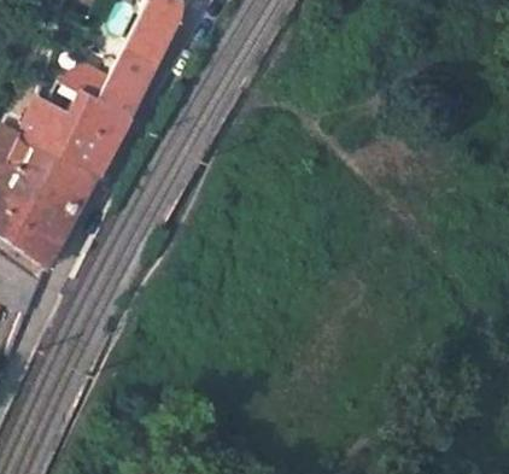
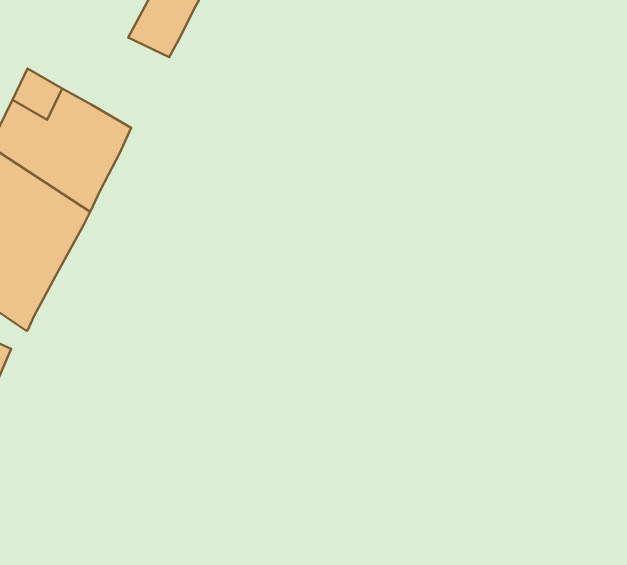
building: [94,51,151,117] -> none

